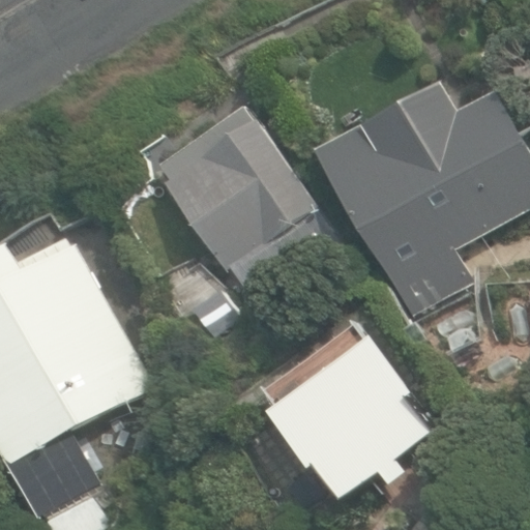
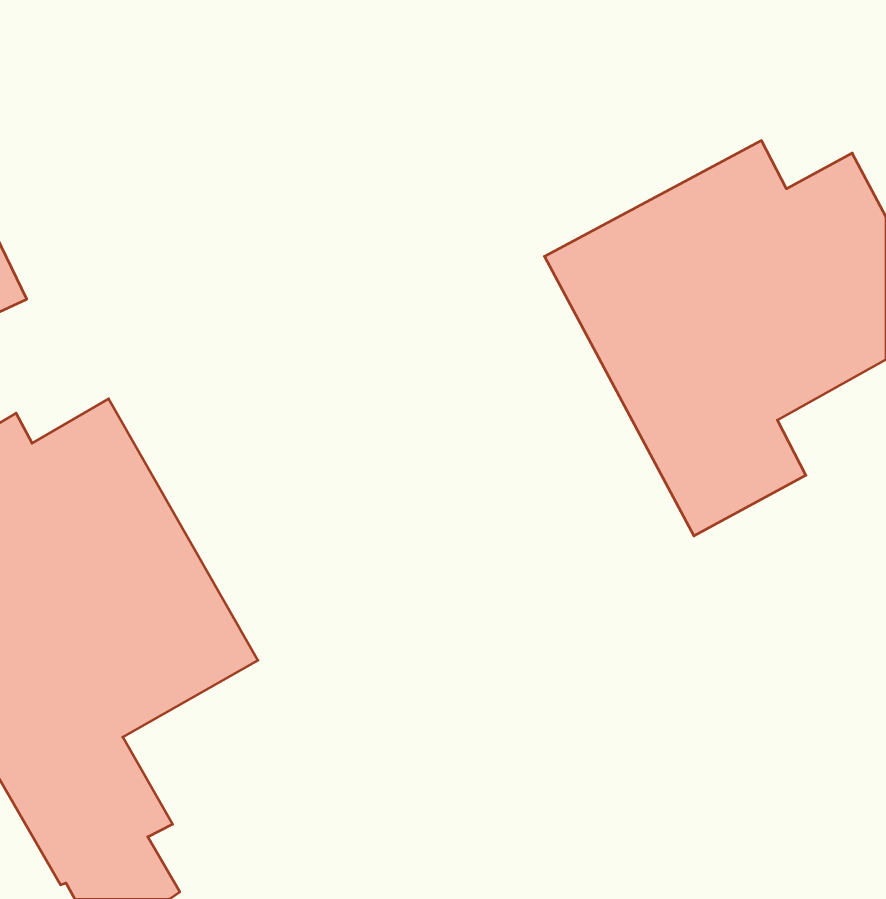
building: [152,105,332,302] -> none
building: [267,333,435,495] -> none

